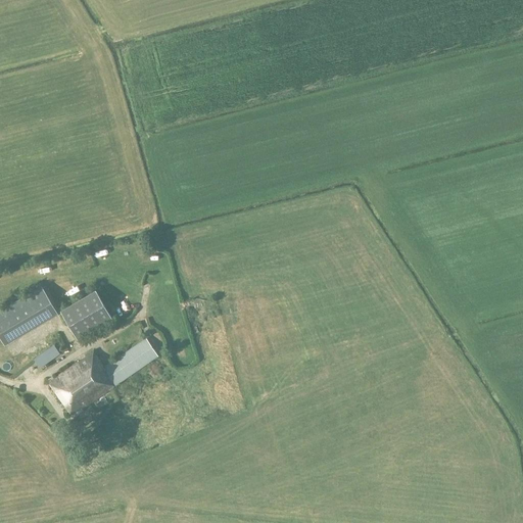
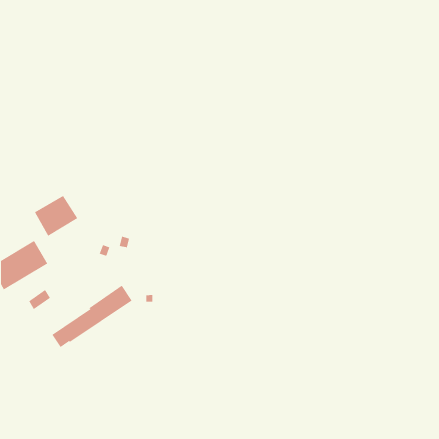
building: [61,290,113,339] -> [34,195,78,236]
building: [51,349,107,397] -> none

